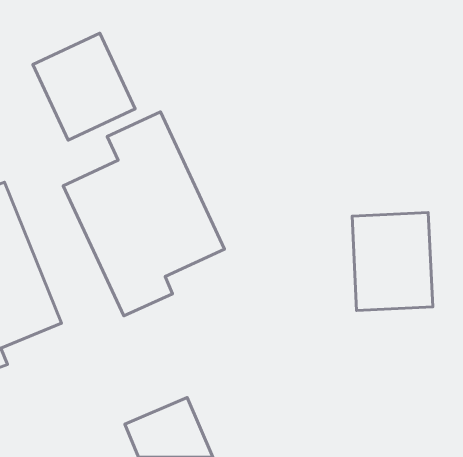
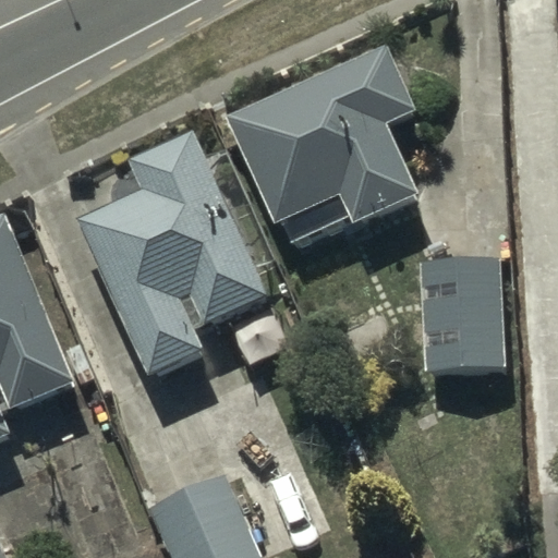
building: [33,33,135,140] -> none
building: none -> [227,48,417,222]

